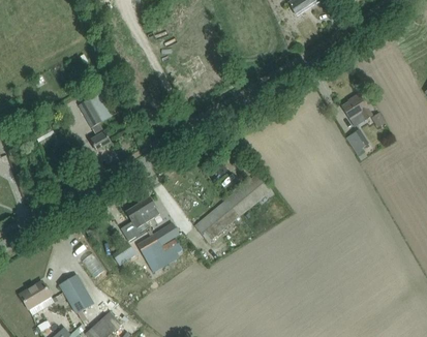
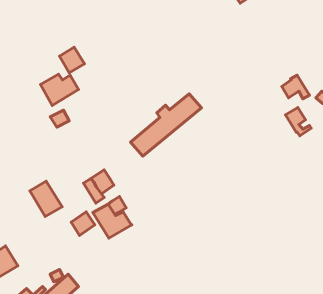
building: none -> [60,47,84,73]
building: [193,173,271,241] -> [130,94,202,156]
building: [58,274,93,312] -> [30,181,62,216]

